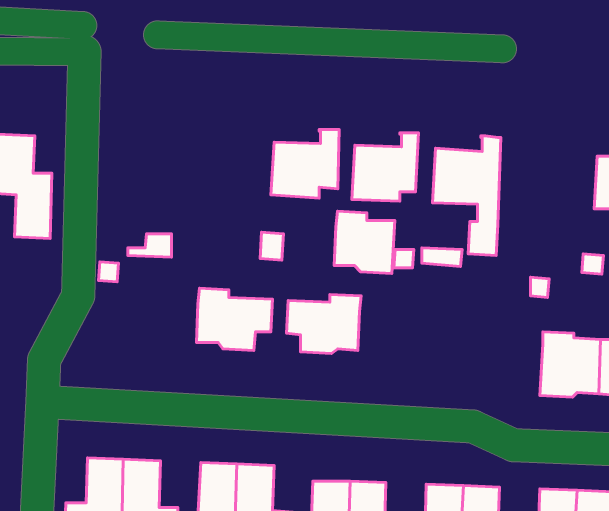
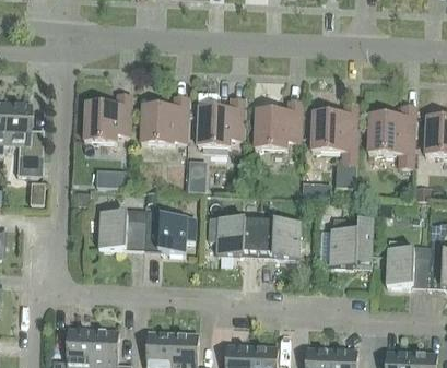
building: none -> [84,93,131,141]
building: none -> [141,96,188,144]
building: none -> [368,105,415,167]
building: [334,211,395,273] -> [258,215,301,259]
building: none -> [99,209,146,250]
building: none -> [330,216,373,268]

